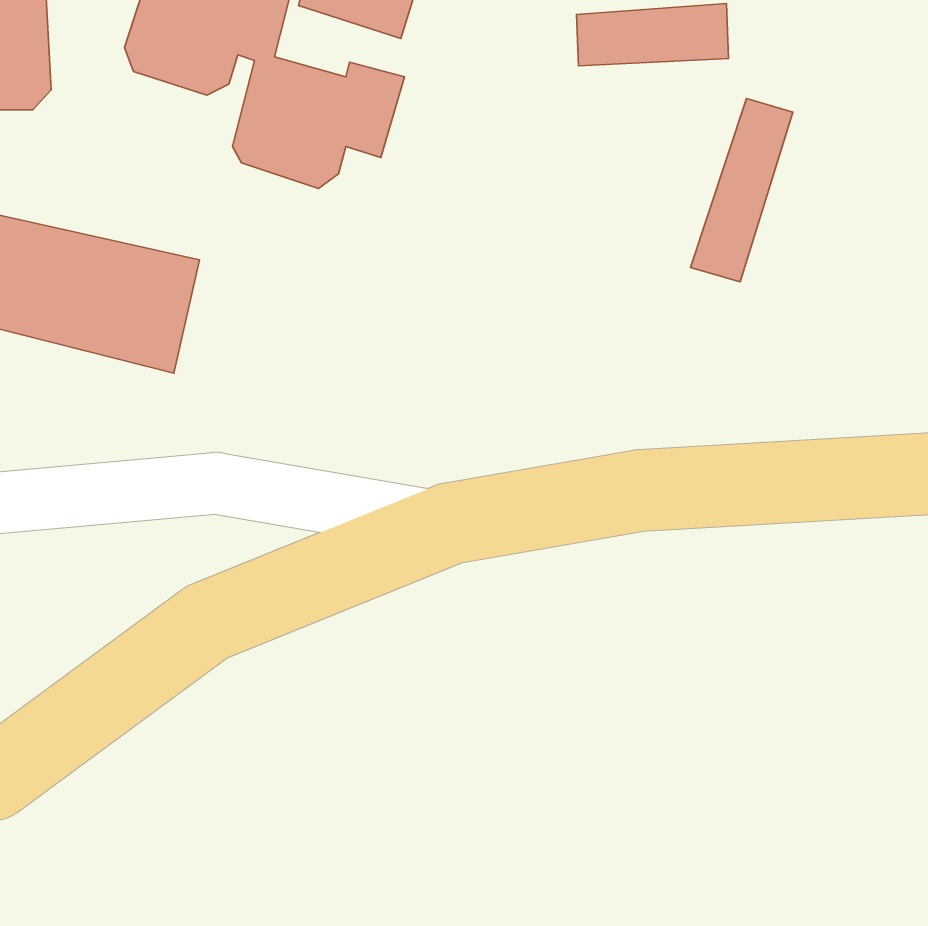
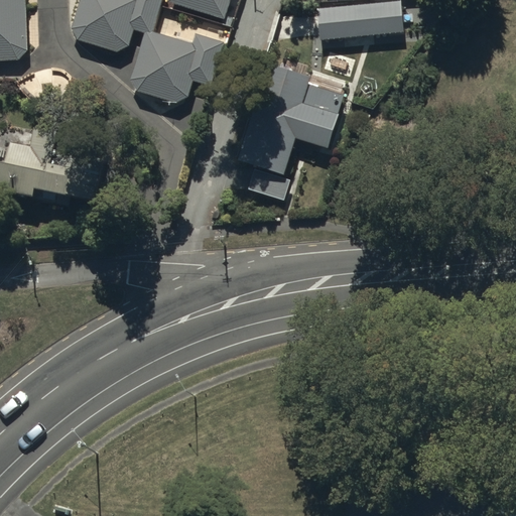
building: [691,99,793,282] -> none
building: none -> [236,64,344,177]

